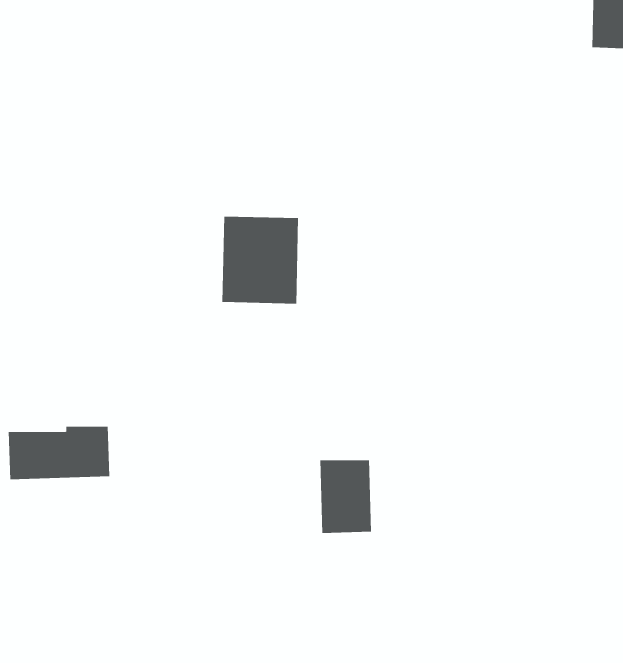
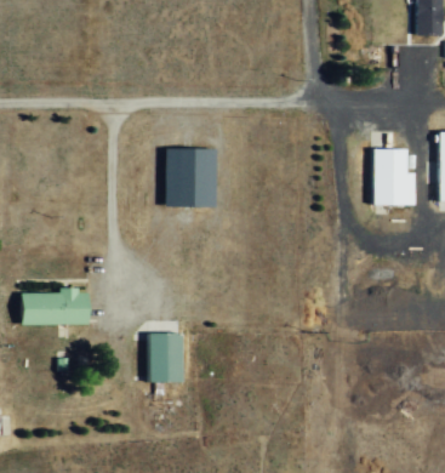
building: none -> [372,149,416,206]
building: [320,460,372,533] -> [148,334,183,383]

